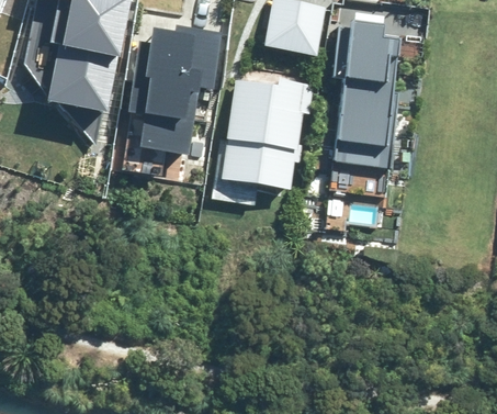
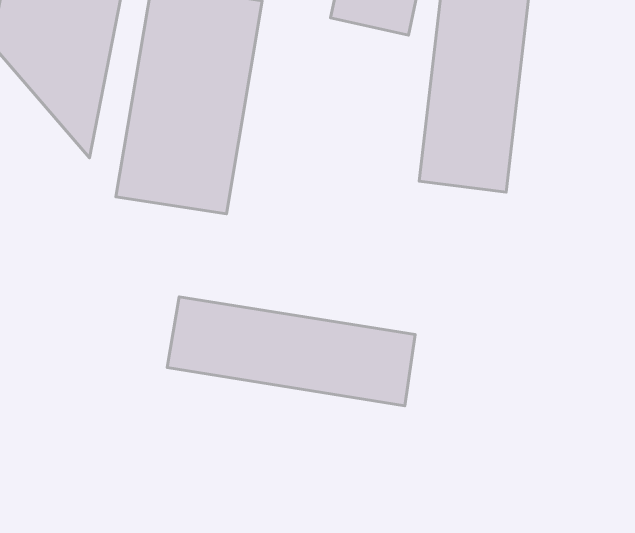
building: [218,81,308,210] -> none
building: none -> [167,297,415,406]

